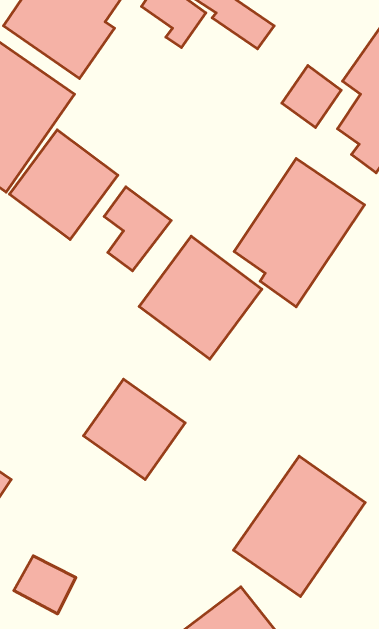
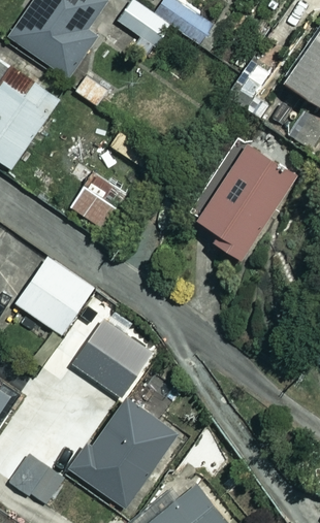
building: [10,130,118,239] -> none
building: [139,236,262,359] -> none
building: none -> [15,257,93,335]
building: [234,456,365,597] -> [71,396,177,509]

